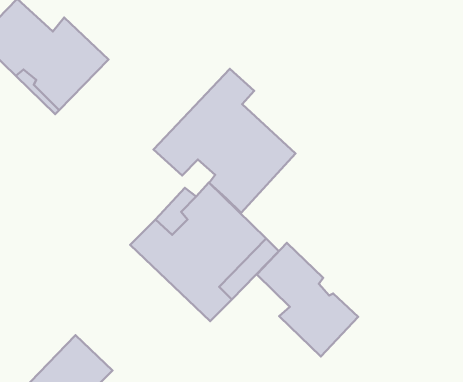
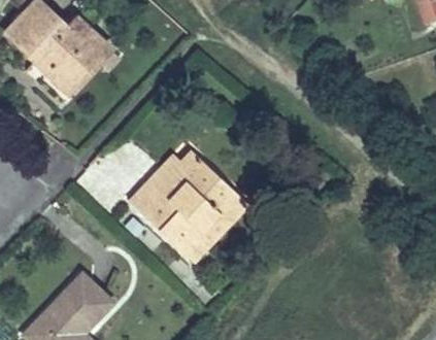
building: [153,69,296,213] -> none
building: [257,243,358,357] -> none

